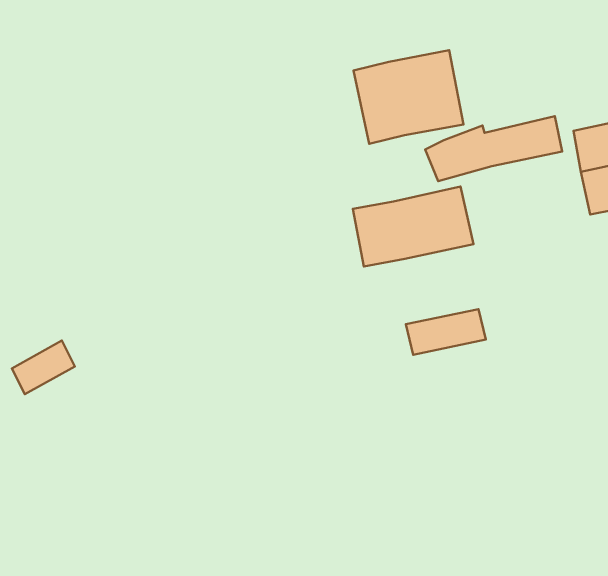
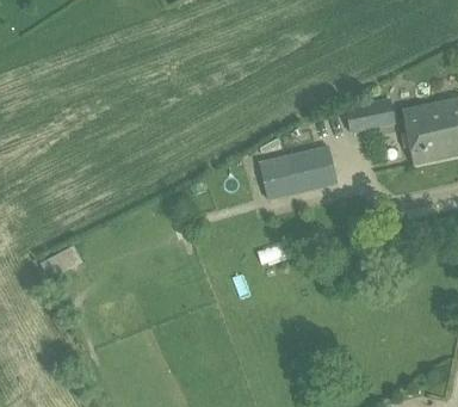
building: [353,50,464,144] -> none
building: [406,309,486,355] -> none

